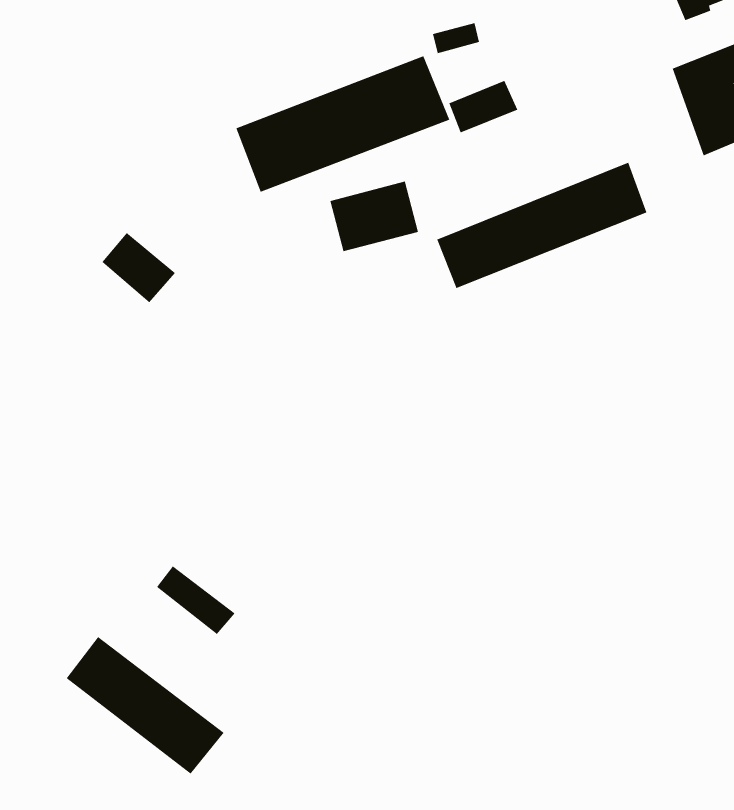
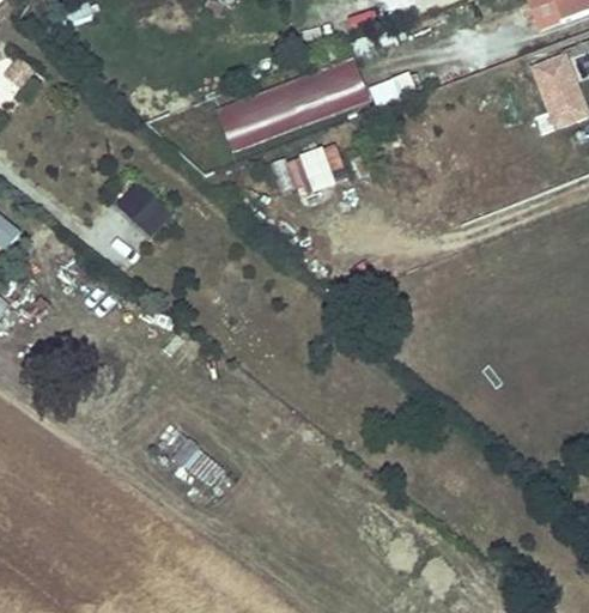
building: [436,162,647,289] -> none
building: [66,636,224,775] -> none

